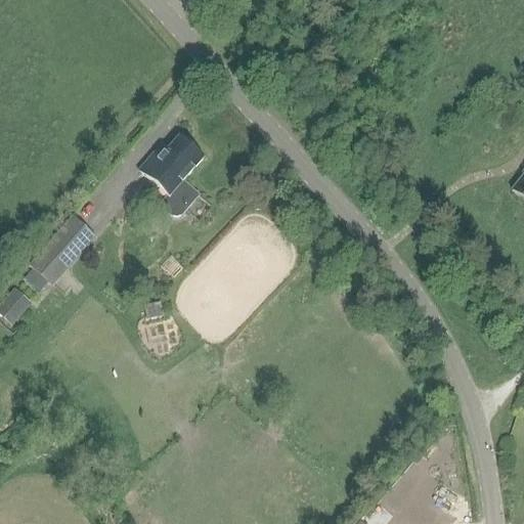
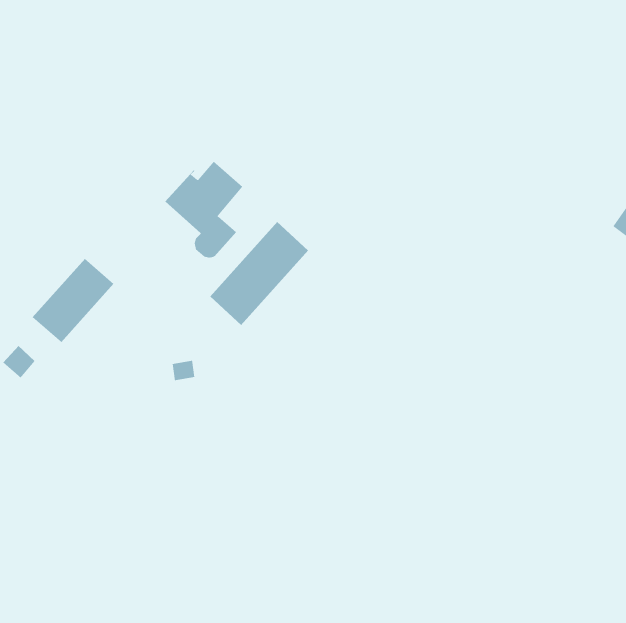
building: none -> [209,221,309,326]

